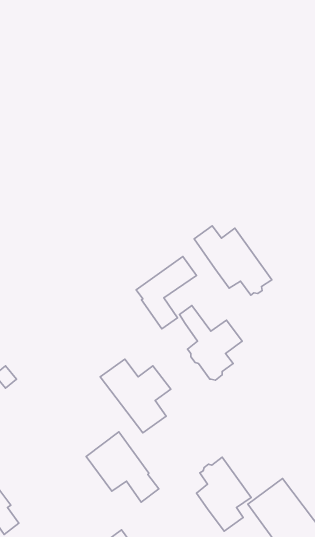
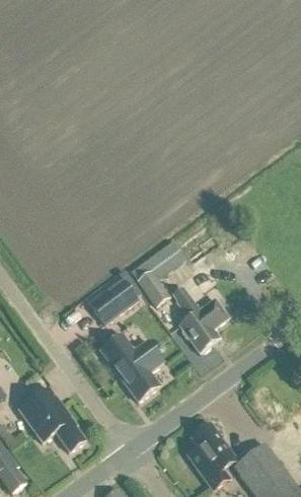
building: [194,226,272,295] -> none
building: none -> [90,268,141,323]
building: [86,432,159,502] -> [19,386,85,450]

